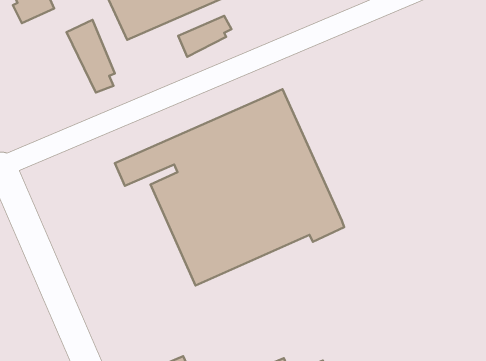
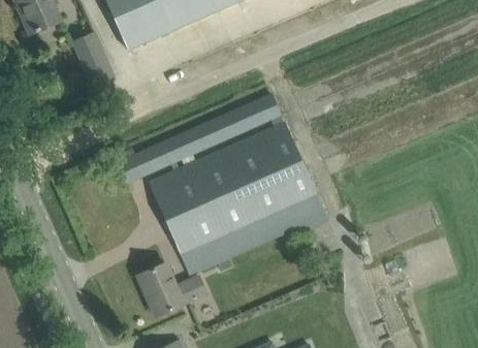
building: [178,16,232,57] -> none
building: none -> [137,262,205,316]

